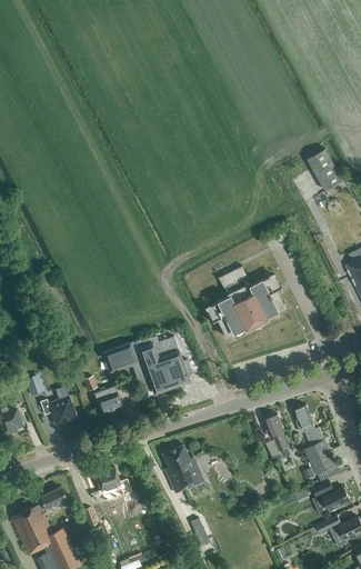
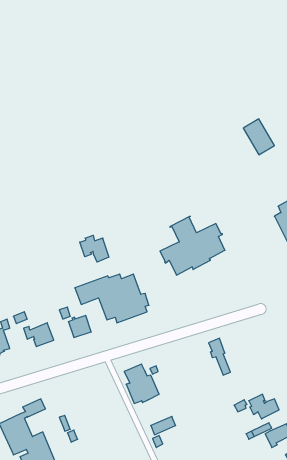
building: none -> [80,235,109,262]
building: [294,405,340,481] -> none
building: [96,467,120,498] -> none

